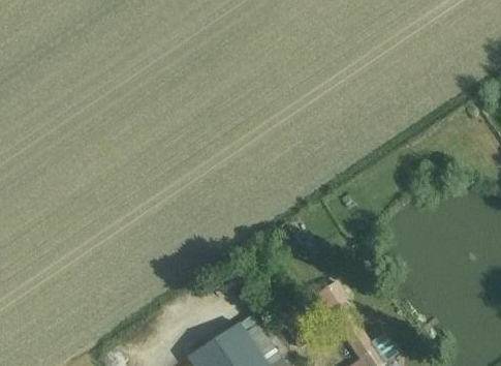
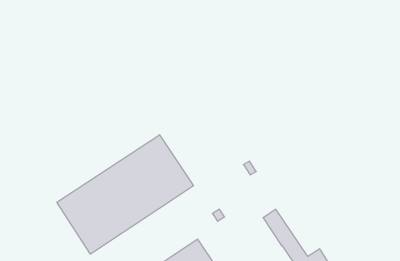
building: none -> [57,135,193,254]

